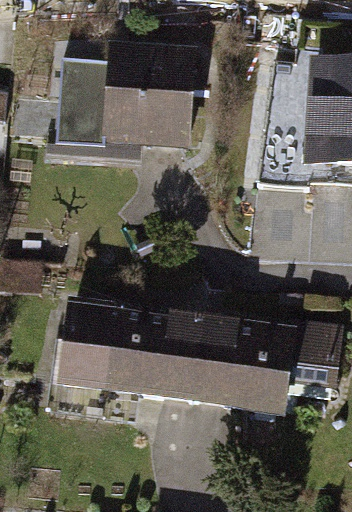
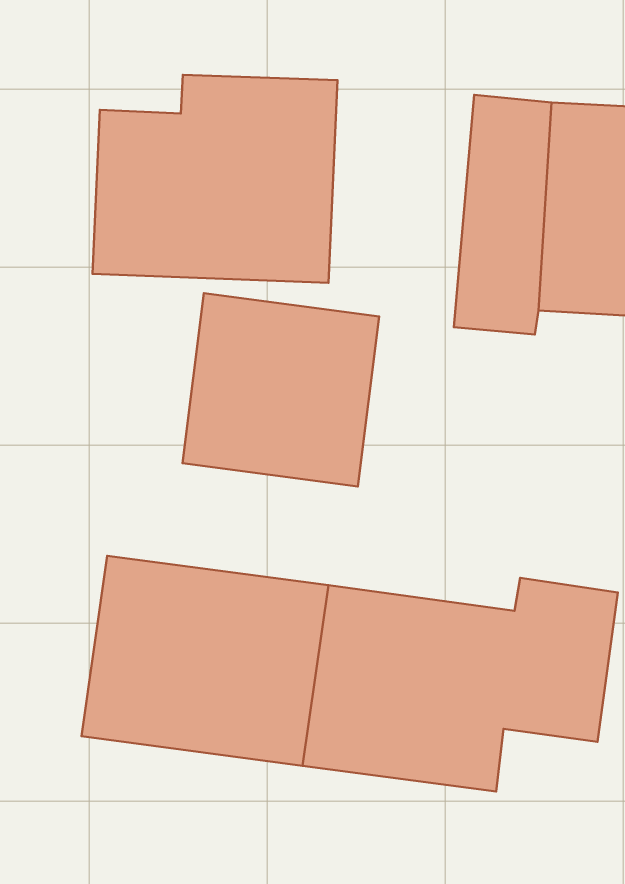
building: none -> [183,293,379,486]

